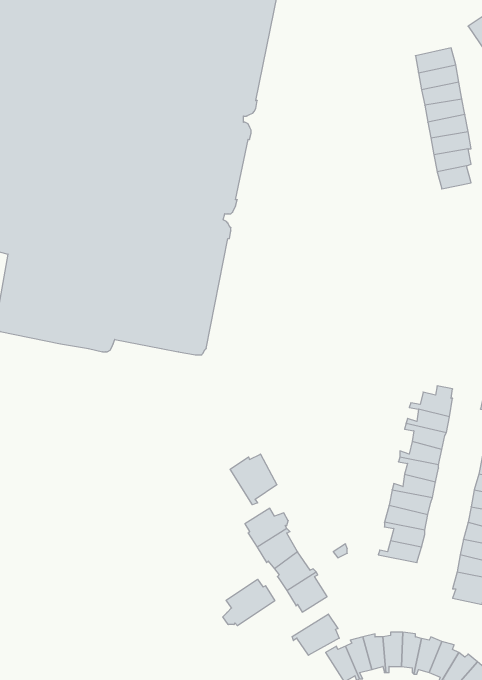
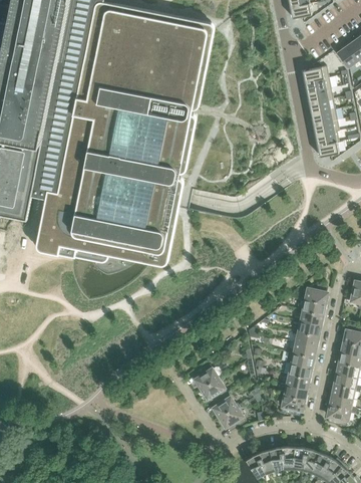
building: [230,454,277,505] -> none
building: none -> [277,395,303,417]
building: [223,579,275,626] -> none
building: [292,614,339,655] -> none

